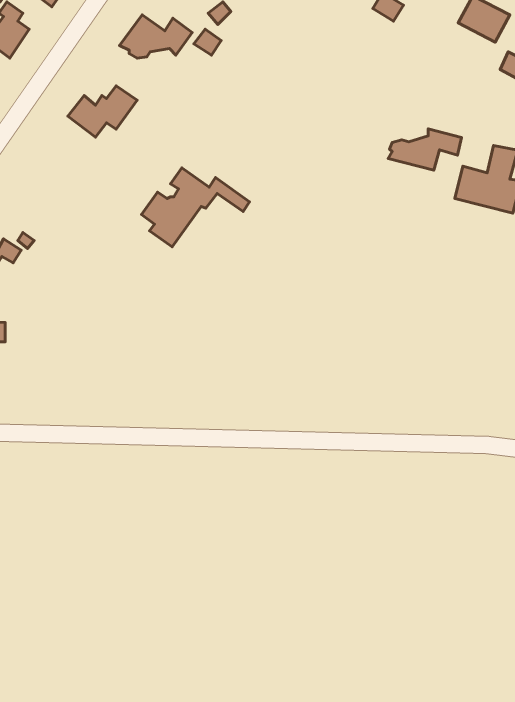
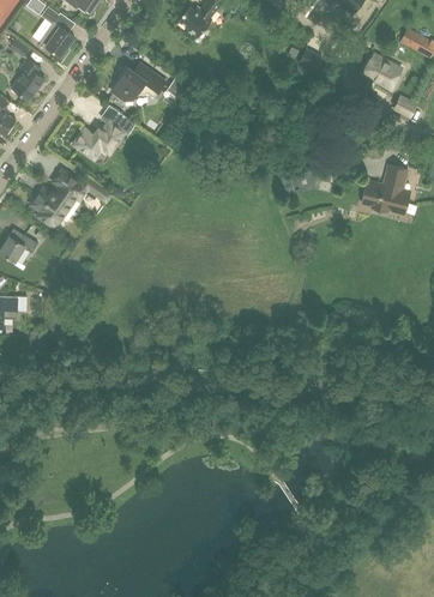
building: [388,129,462,170] -> none
building: [141,168,250,247] -> [31,169,111,228]

